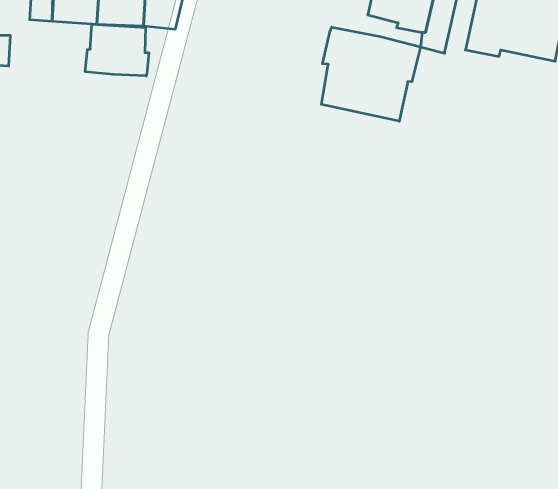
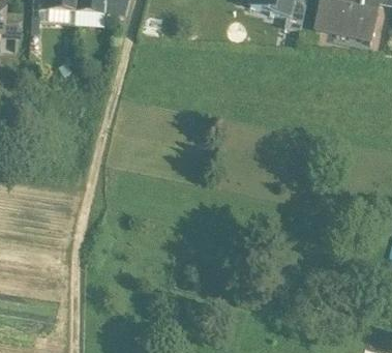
building: [85,24,149,76] -> none
building: [321,27,421,121] -> none

